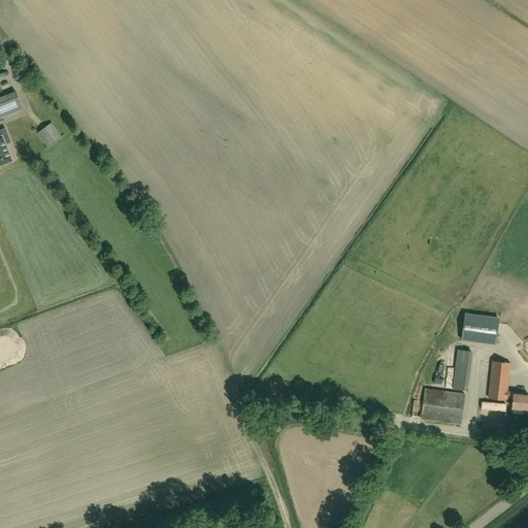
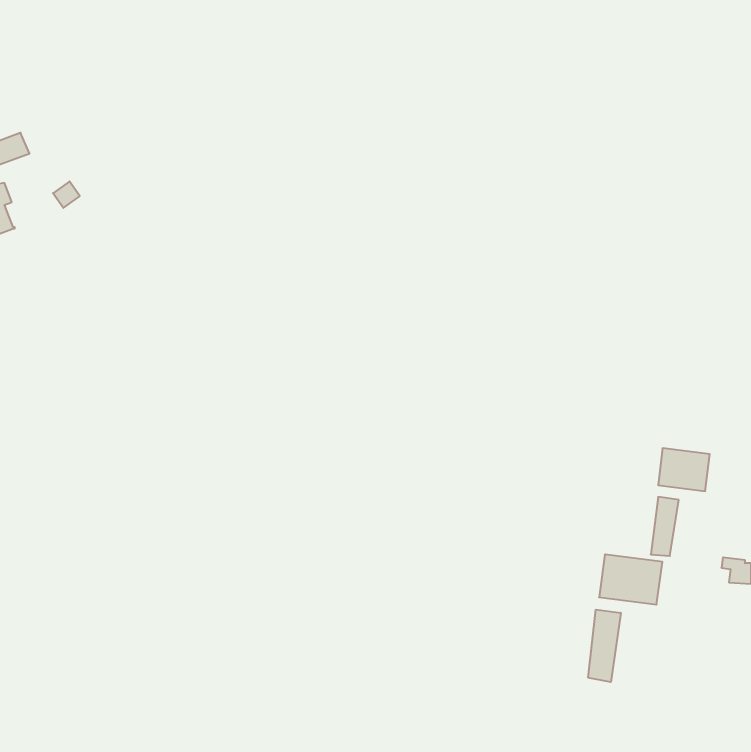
building: [487,360,508,399] -> none
building: none -> [588,610,621,682]

